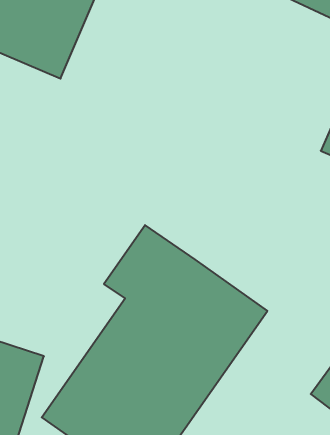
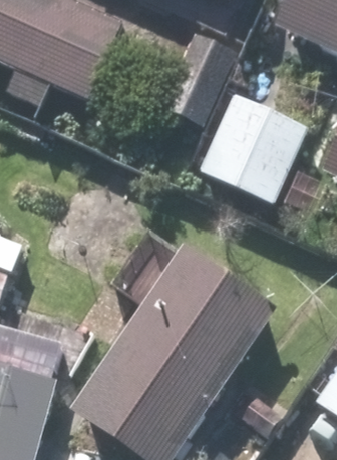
building: none -> [197,90,309,202]

